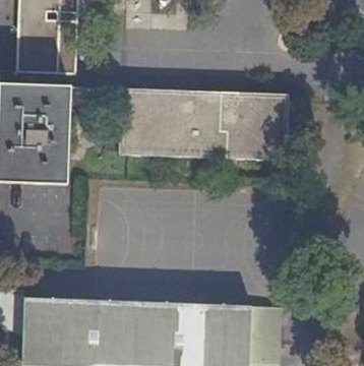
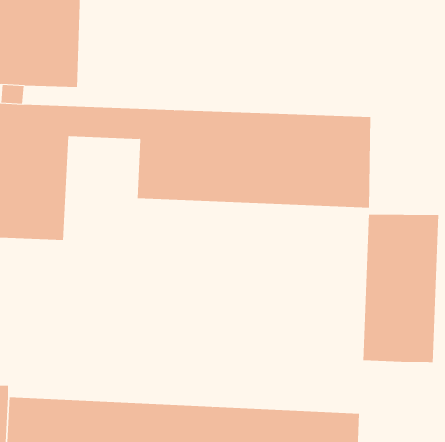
building: none -> [363,214,439,363]

